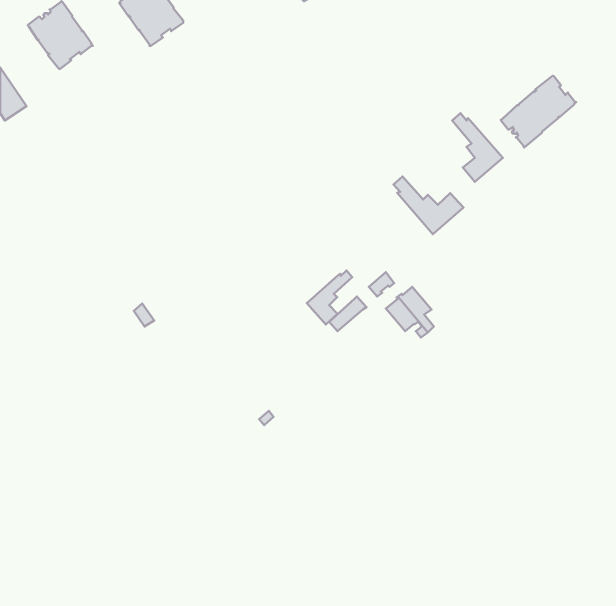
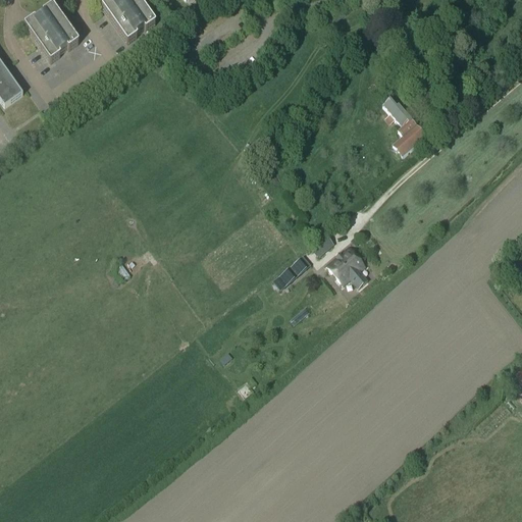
building: [501,76,576,147] -> none
building: [393,176,463,234] -> none
building: [307,271,352,325] -> none

